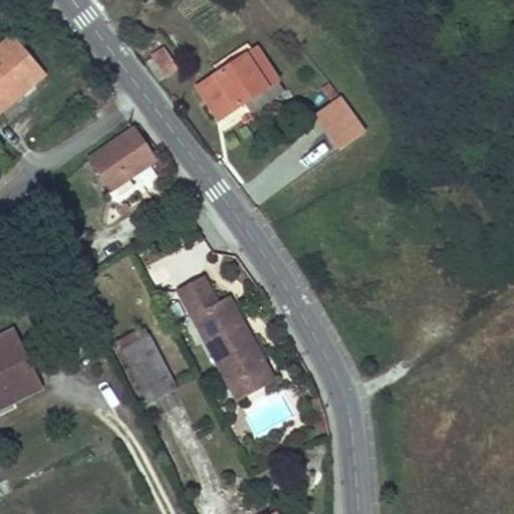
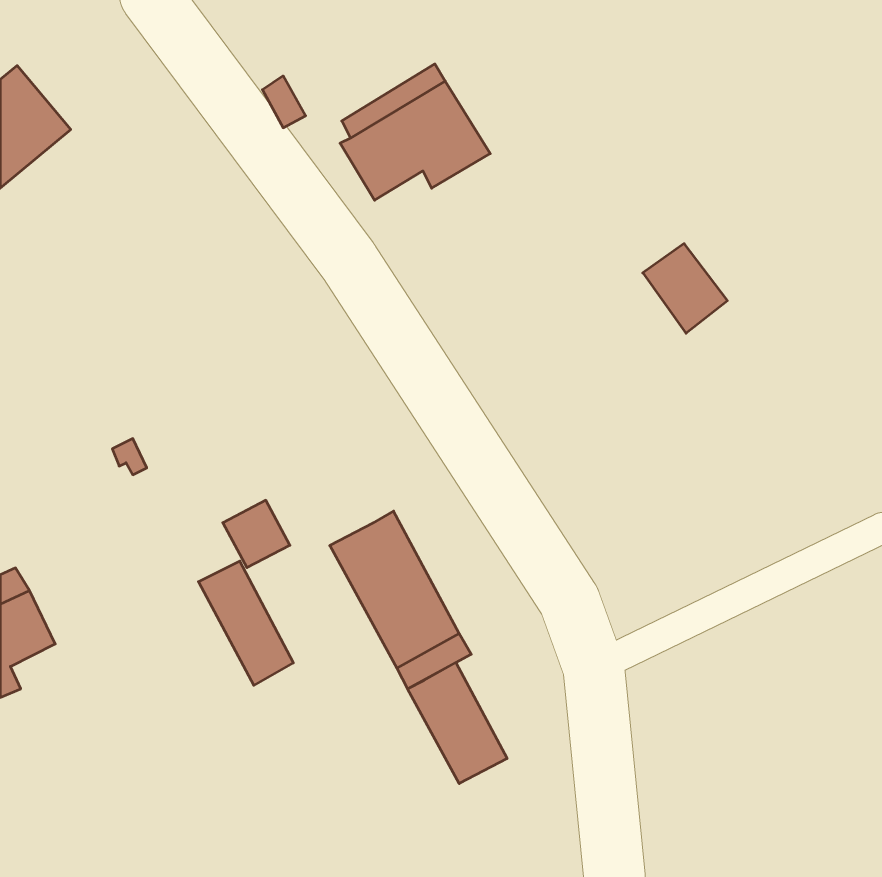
building: [314,95,363,148] -> [643,244,727,333]
building: [90,130,153,189] -> none
building: [178,278,217,317] -> [223,500,290,568]
building: none -> [408,663,507,784]

